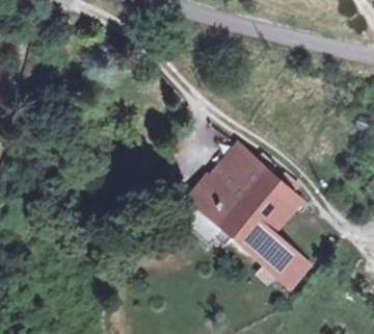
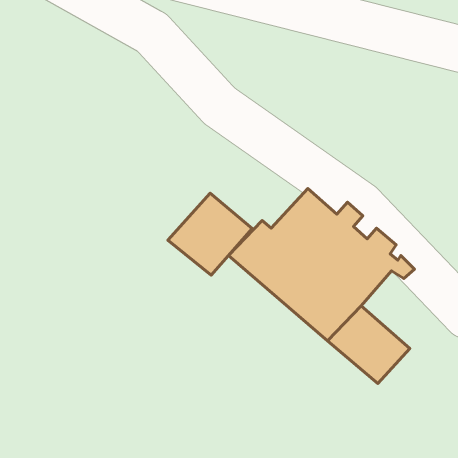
building: none -> [168,193,252,275]

